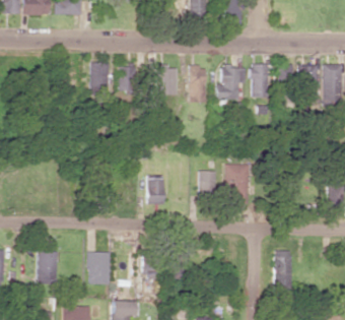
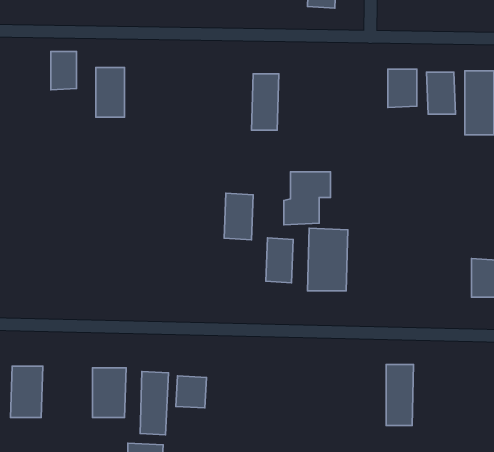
building: [253,64,270,98] -> none
building: [157,66,179,95] -> none
building: [120,67,136,91] -> [51,51,77,90]
building: [217,67,247,101] -> [284,172,331,225]
building: [147,176,165,205] -> [224,193,253,240]
building: none -> [140,371,169,435]

